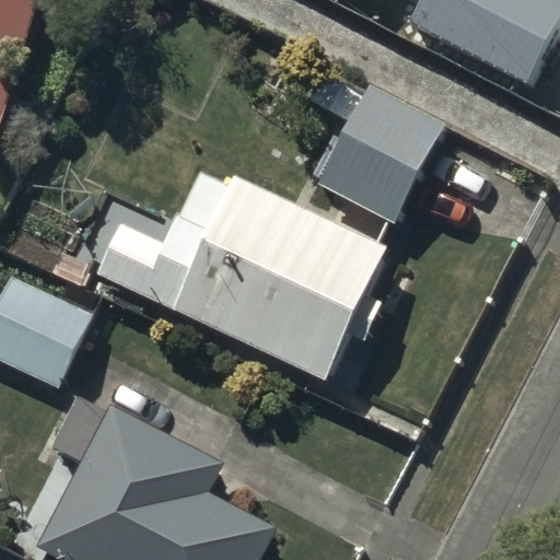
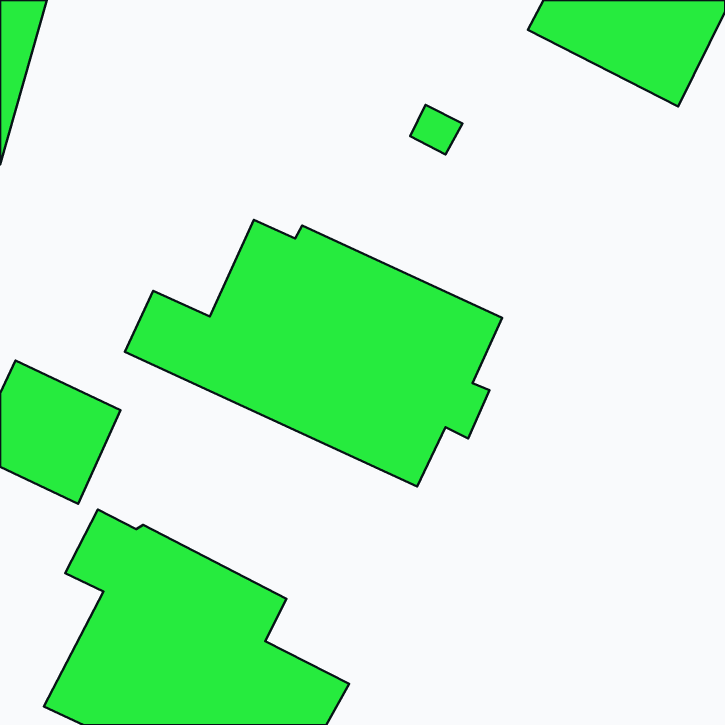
building: [316,89,442,225] -> none

